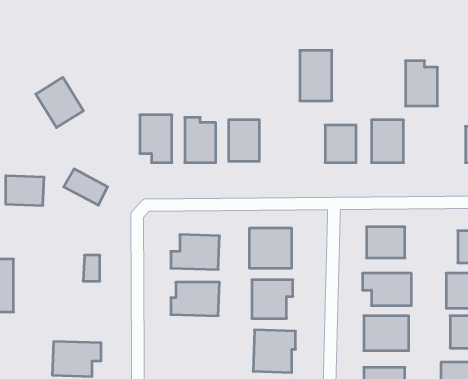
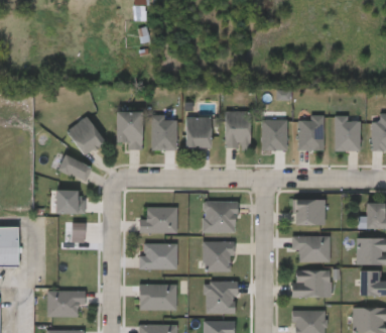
building: [300,50,332,101] -> [225,110,250,149]
building: [405,61,438,106] -> [335,115,360,150]
building: [36,77,83,128] -> [67,116,104,155]
building: [6,176,44,205] -> [57,191,88,214]
building: none -> [139,284,176,310]

